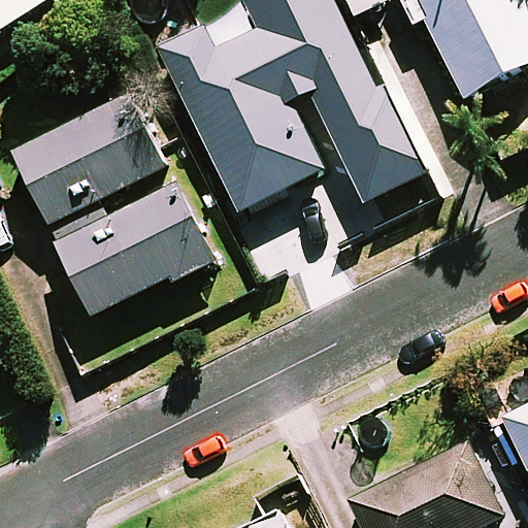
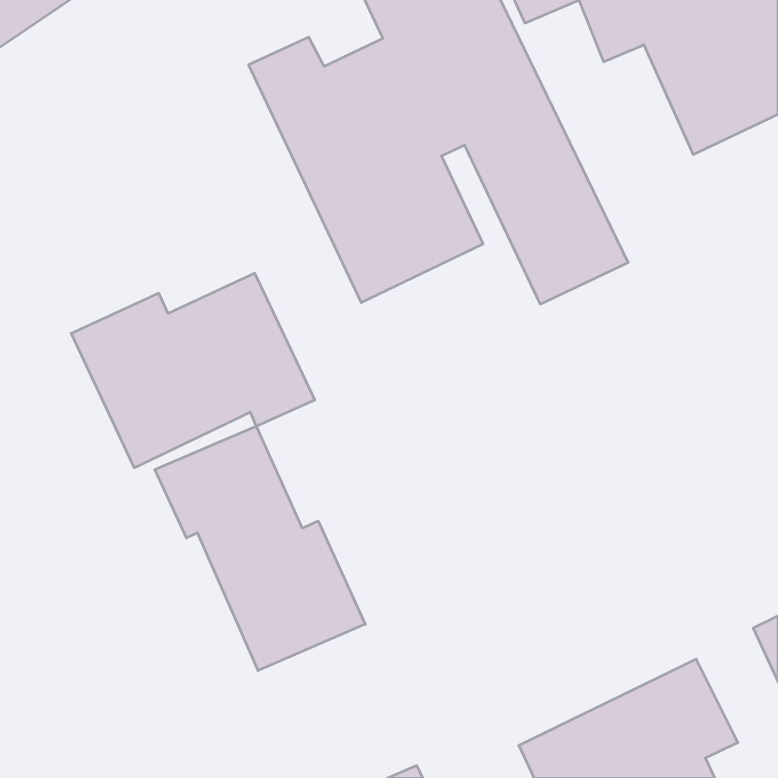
building: [14,97,164,223] -> none
building: none -> [155,426,365,671]

